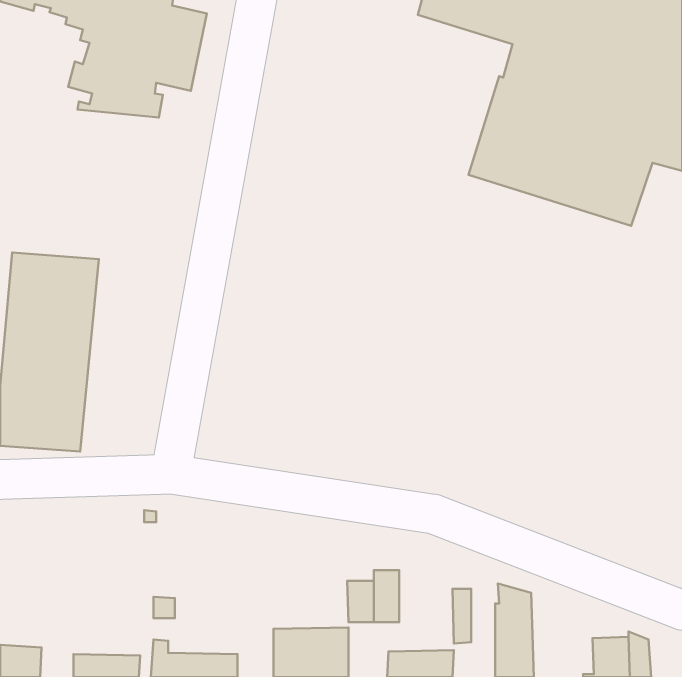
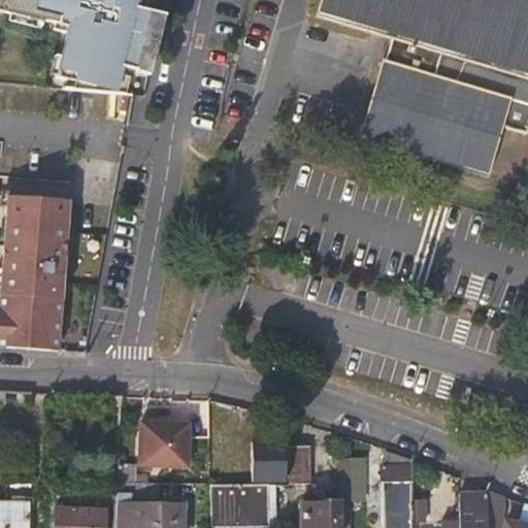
building: none -> [138,422,186,463]

